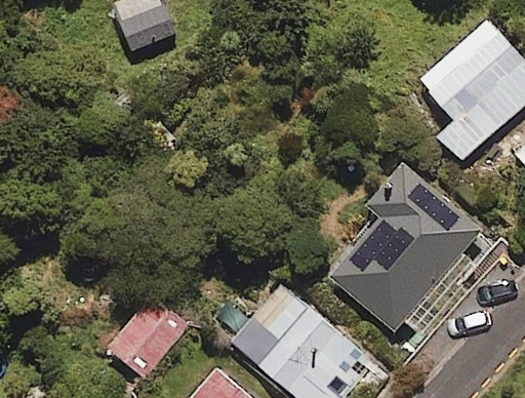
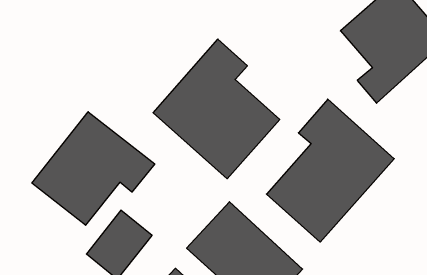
building: none -> [153,39,280,179]
building: none -> [32,112,155,225]

